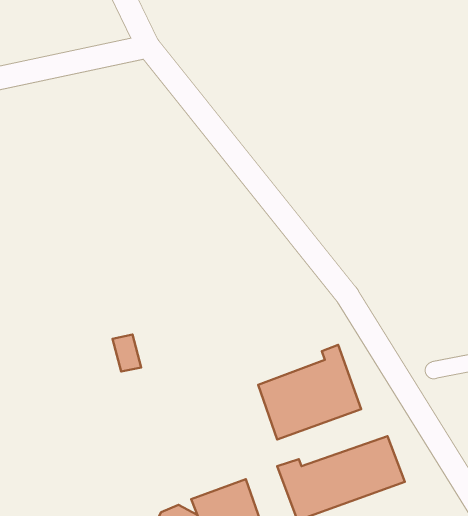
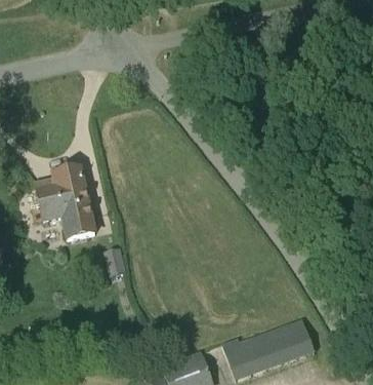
building: none -> [36,166,95,237]
building: [258,345,361,439] -> none

